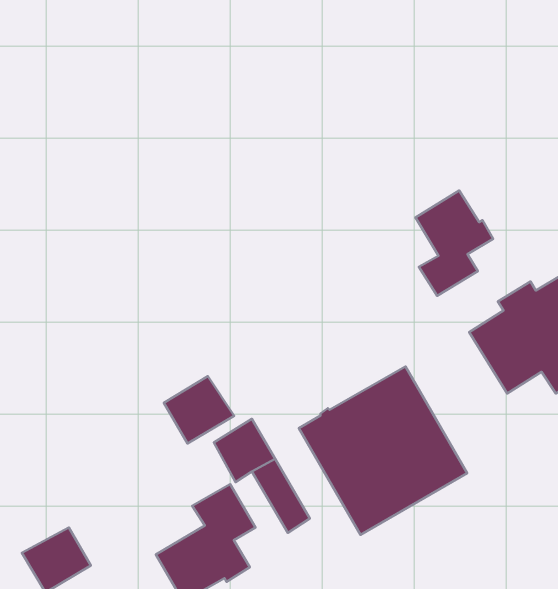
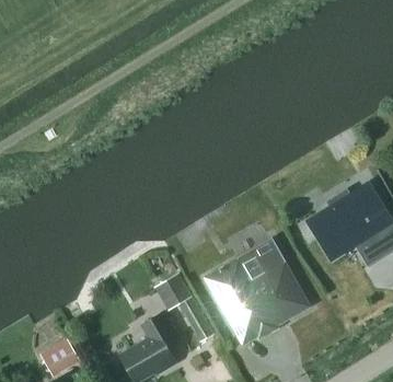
building: [415,190,493,296] -> none
building: [164,376,234,443] -> none

